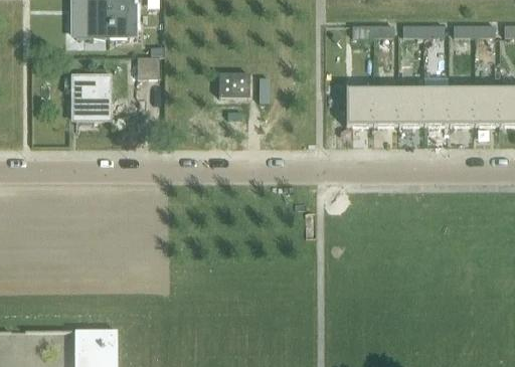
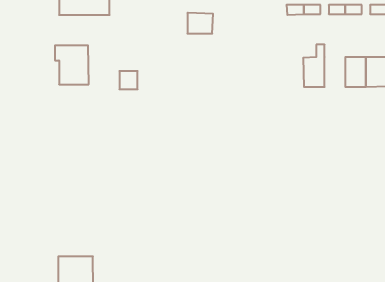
building: [137,55,159,77] -> [119,71,138,89]
building: [218,71,249,97] -> [187,13,213,34]
building: [398,87,423,124] -> none
building: [346,88,373,124] -> none

